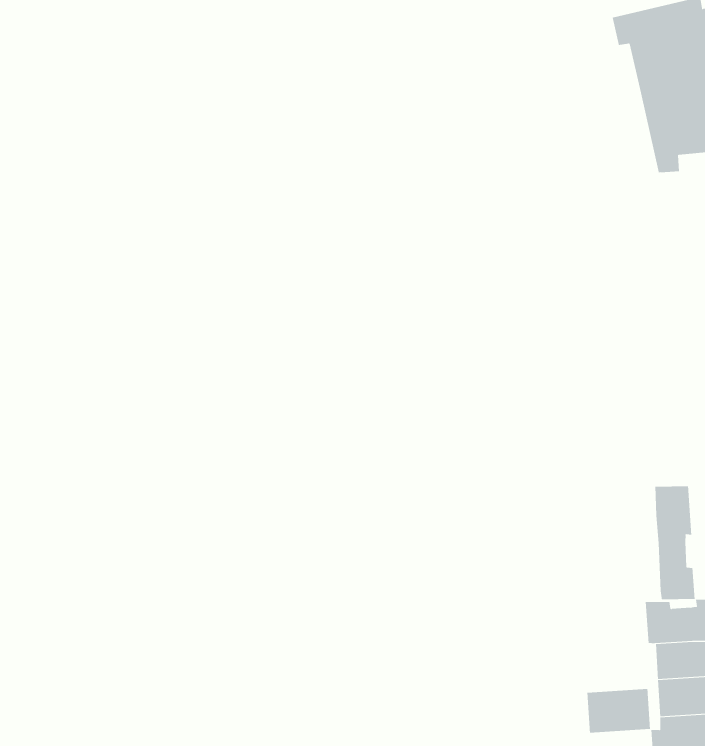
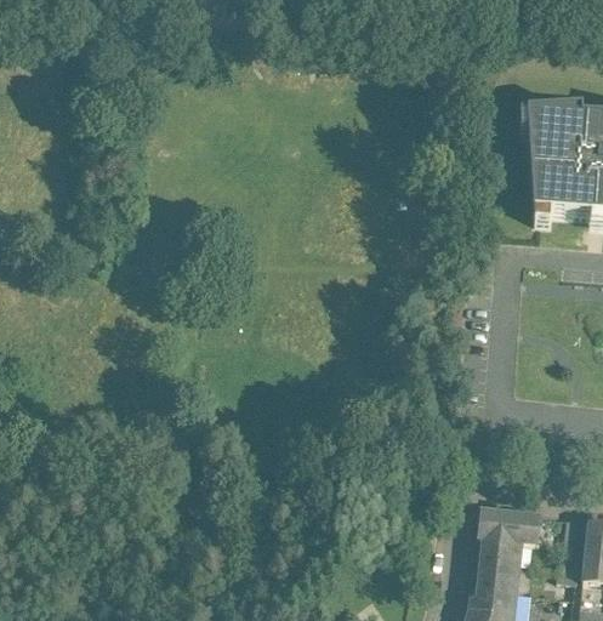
building: [655,485,695,600] -> none
building: [587,688,651,733] -> none

